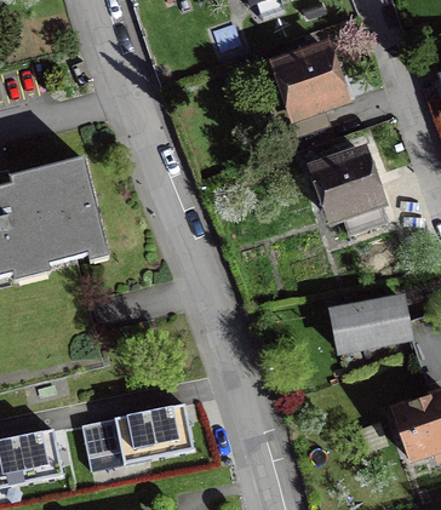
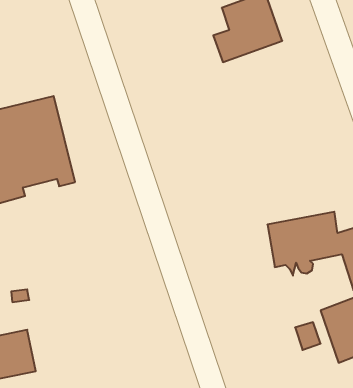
building: [316,147,389,230] -> none
building: [81,401,195,468] -> none

